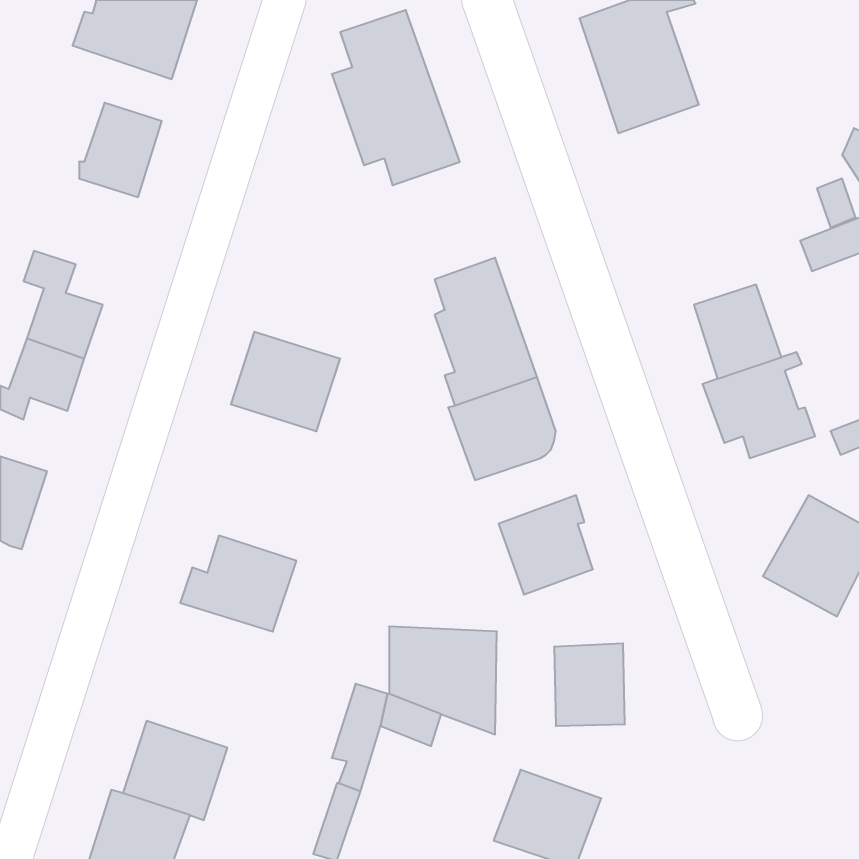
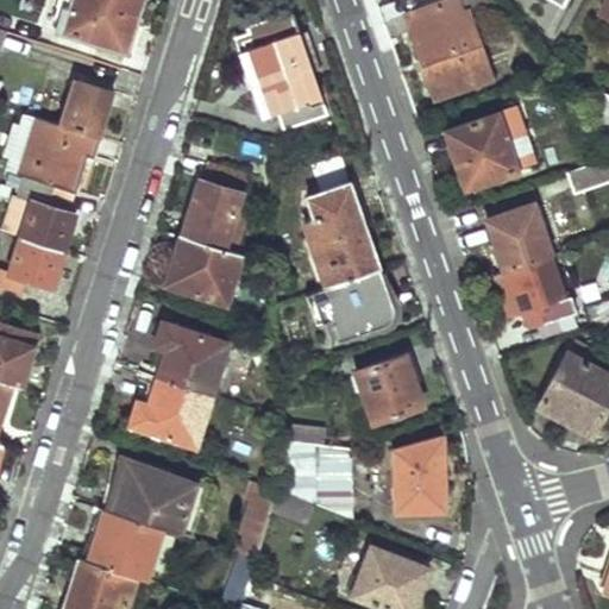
building: none -> [451,108,534,186]
building: none -> [20,121,99,195]
building: none -> [181,167,245,249]
building: none -> [155,326,227,397]
building: none -> [112,463,196,535]

